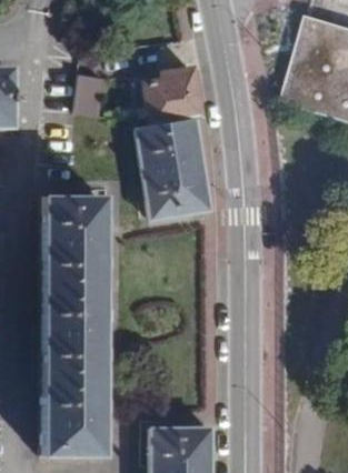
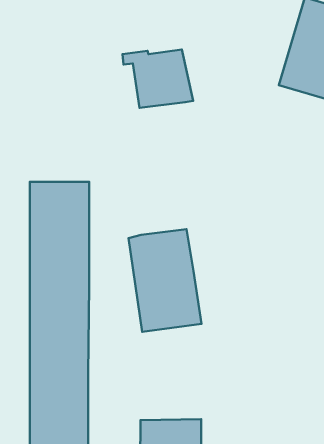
building: [76,76,106,117] -> none
building: [137,119,208,219] -> [128,229,201,332]

